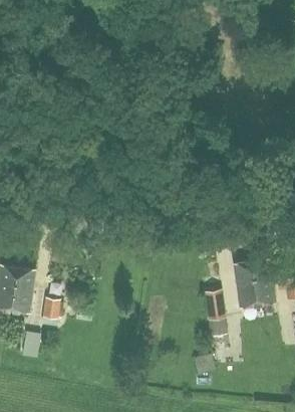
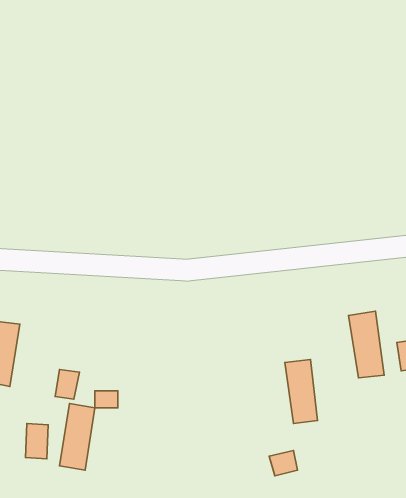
building: [233,260,257,307] -> none
building: [10,266,35,314] -> [60,404,95,470]

